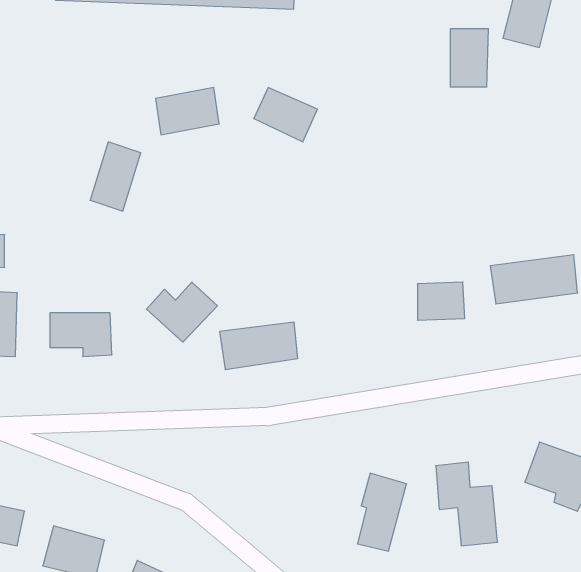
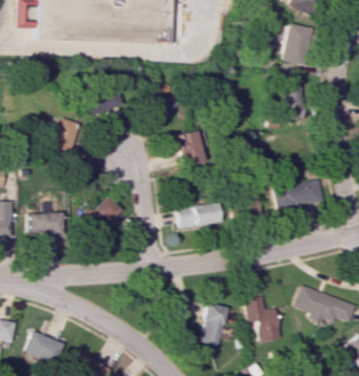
building: [450,29,488,87] -> [283,87,304,120]
building: none -> [180,131,203,165]
building: [220,322,298,370] -> [177,203,221,229]

